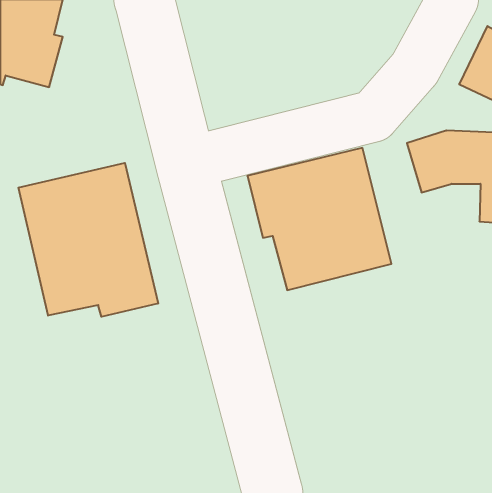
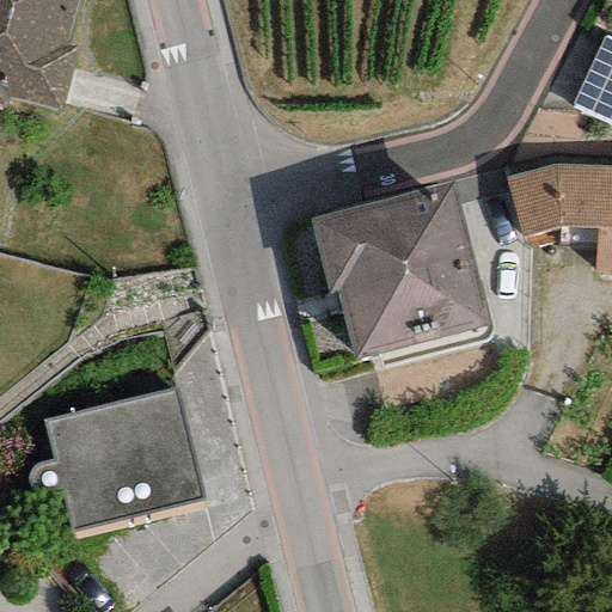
building: [18,163,158,317] -> none
building: none -> [44,388,204,531]

